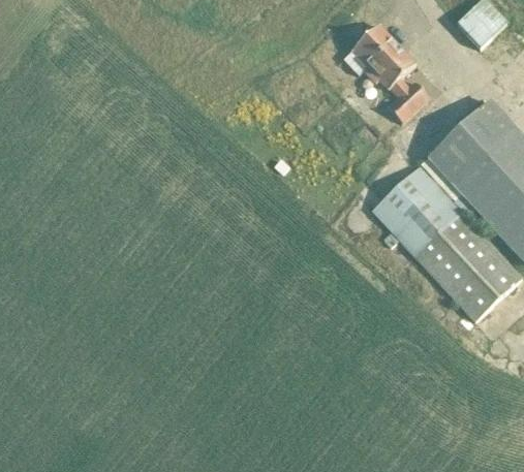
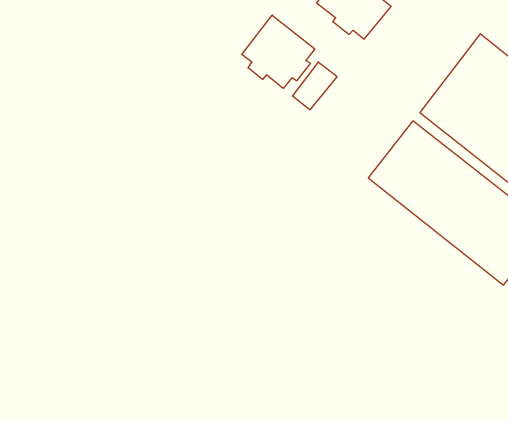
building: none -> [242,15,315,88]
building: [389,81,430,121] -> [292,62,337,110]

